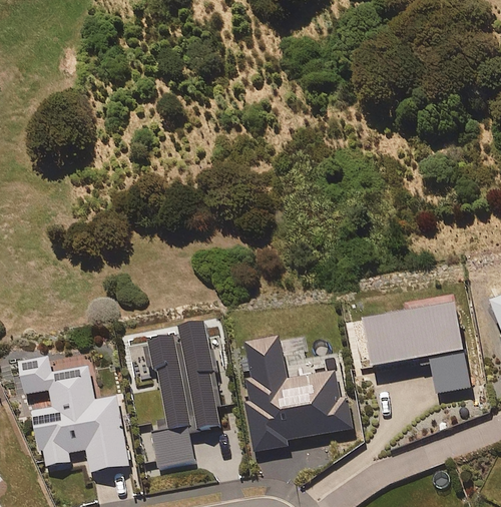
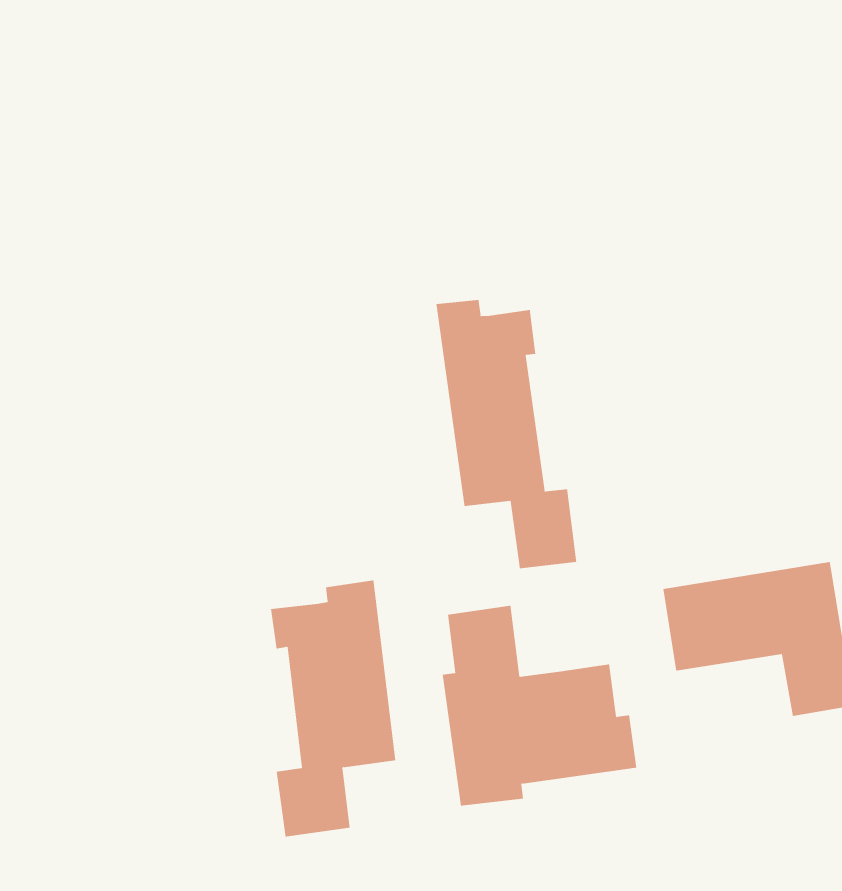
building: none -> [436,299,577,569]
building: [19,356,129,469] -> none

